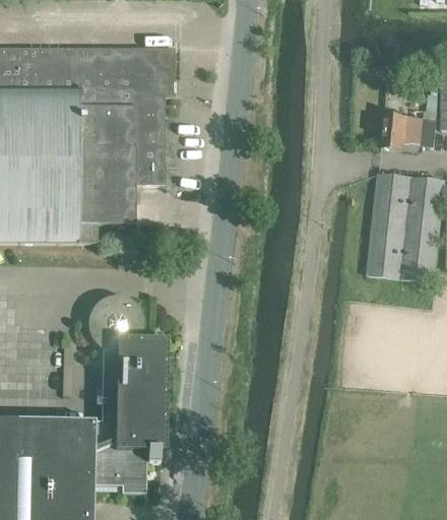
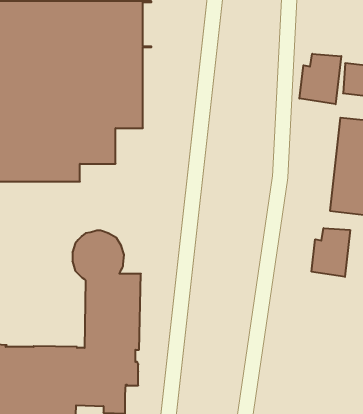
building: none -> [299,54,341,104]
building: none -> [312,228,350,277]

